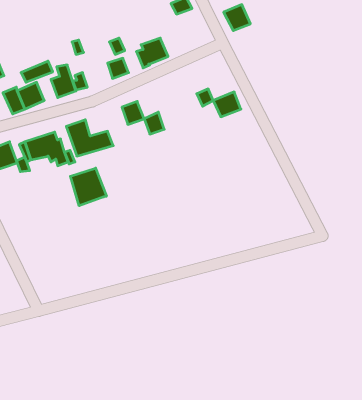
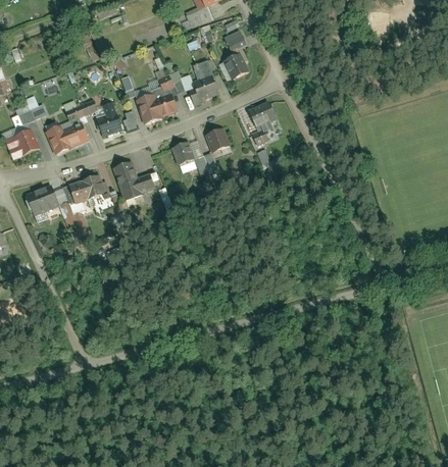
building: [224,5,250,31] -> [221,52,250,80]
building: none -> [135,93,162,123]
building: none -> [204,127,231,153]
building: [213,92,241,117] -> [248,100,278,126]
building: [70,168,106,206] -> none

